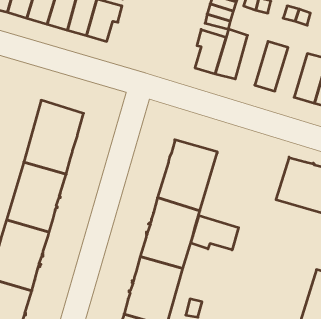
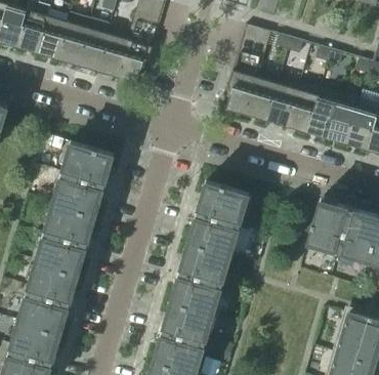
building: none -> [267,75,300,125]
building: none -> [307,87,340,137]
building: [191,215,239,250] -> none

